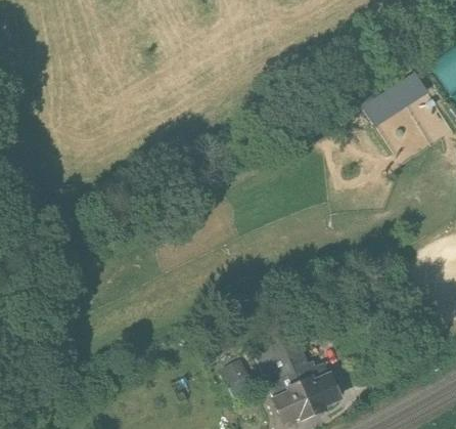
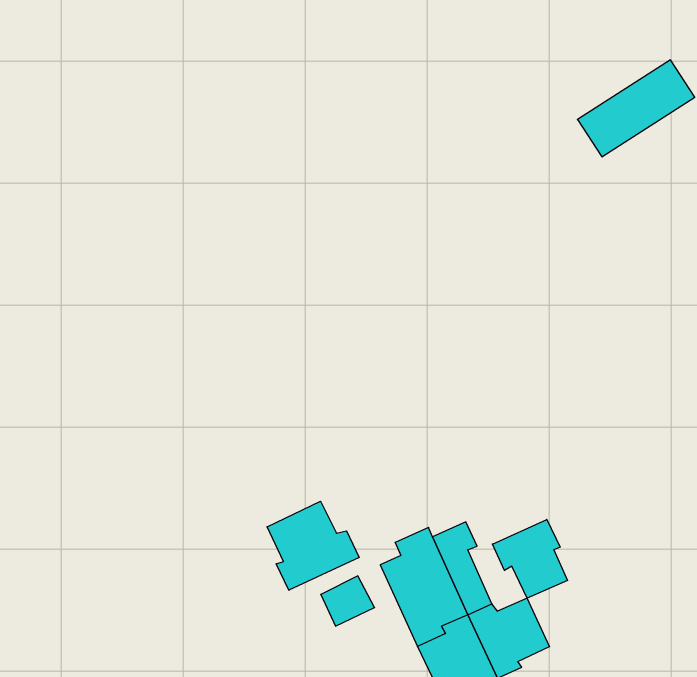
building: none -> [267,501,359,590]
building: none -> [492,519,568,598]

